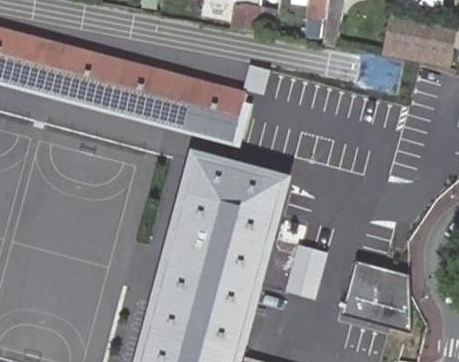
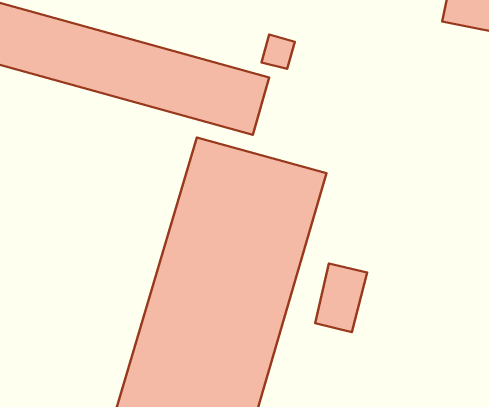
building: [338,260,407,333] -> none

